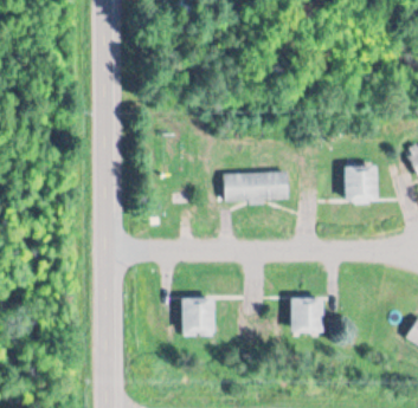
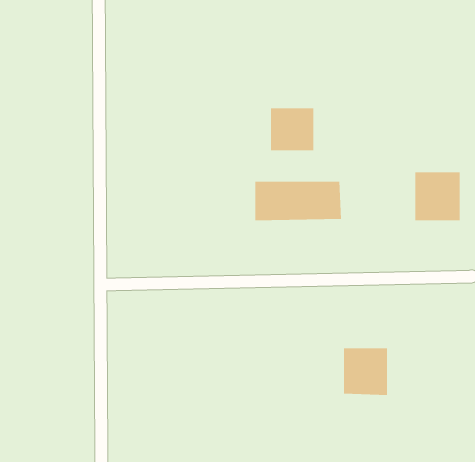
building: none -> [270,107,314,151]
building: [181,296,214,335] -> none

